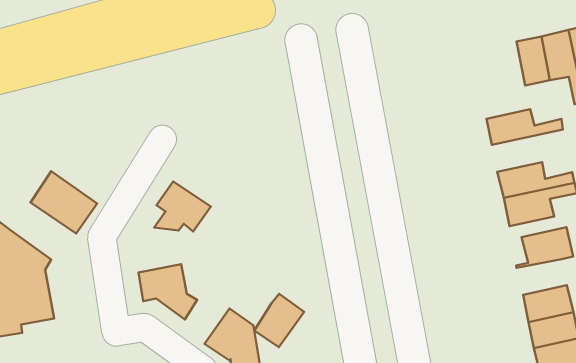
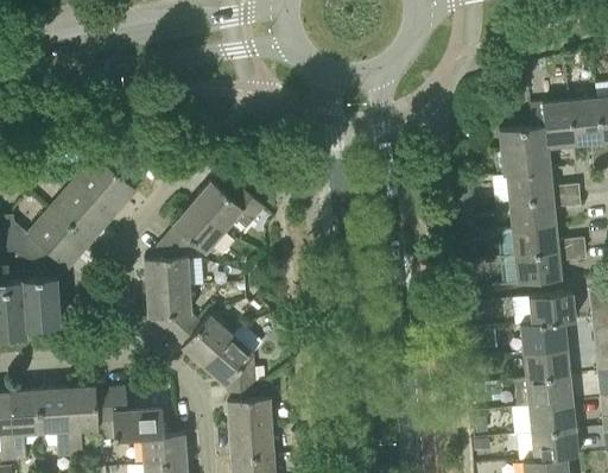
building: none -> [498,102,550,176]
building: none -> [508,195,581,229]
building: none -> [72,154,137,216]
building: none -> [191,181,265,232]
building: none -> [26,208,90,270]
building: none -> [145,246,191,289]
building: none -> [519,322,566,353]
building: [254,294,304,347] -> [182,314,233,366]

